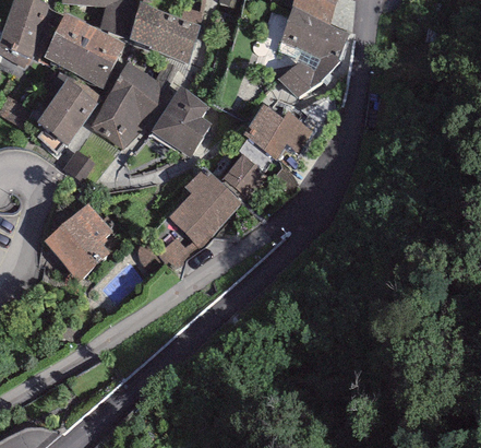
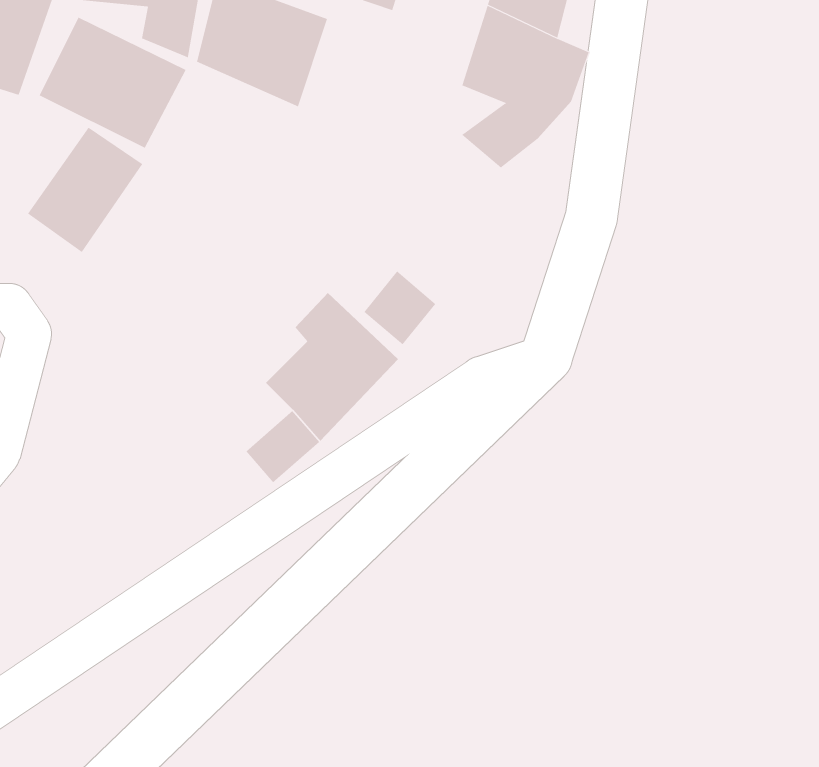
building: [91,62,158,149] -> none
building: [149,87,212,157] -> none
building: [242,105,313,158] -> none
building: [44,203,111,280] -> none

